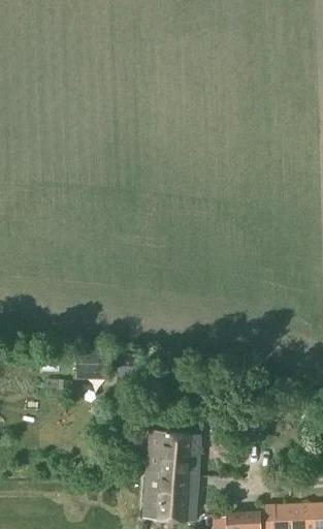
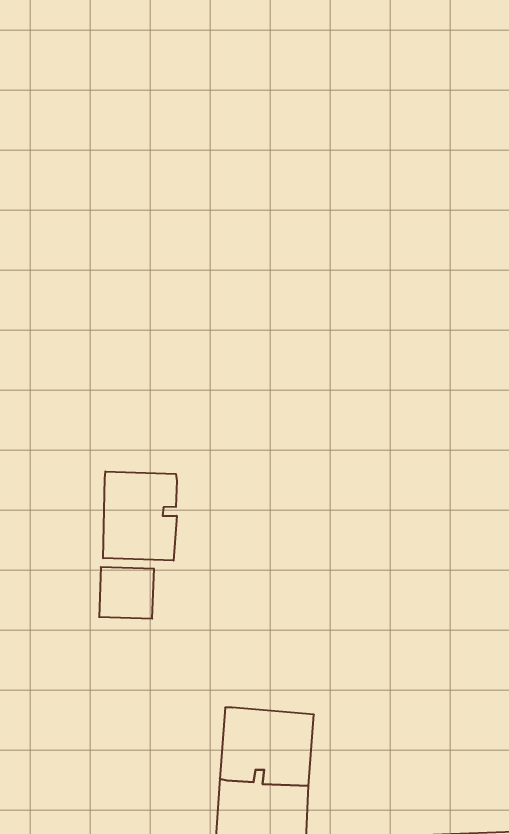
building: none -> [103,471,177,561]

